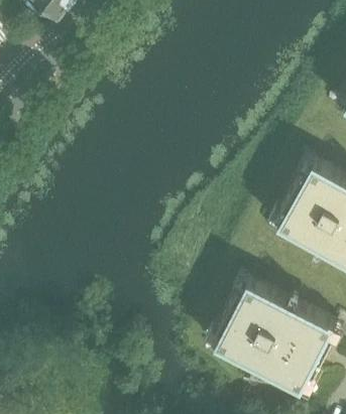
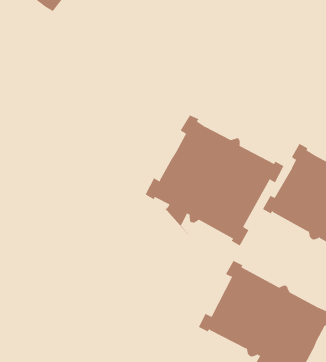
building: none -> [145,114,284,246]

